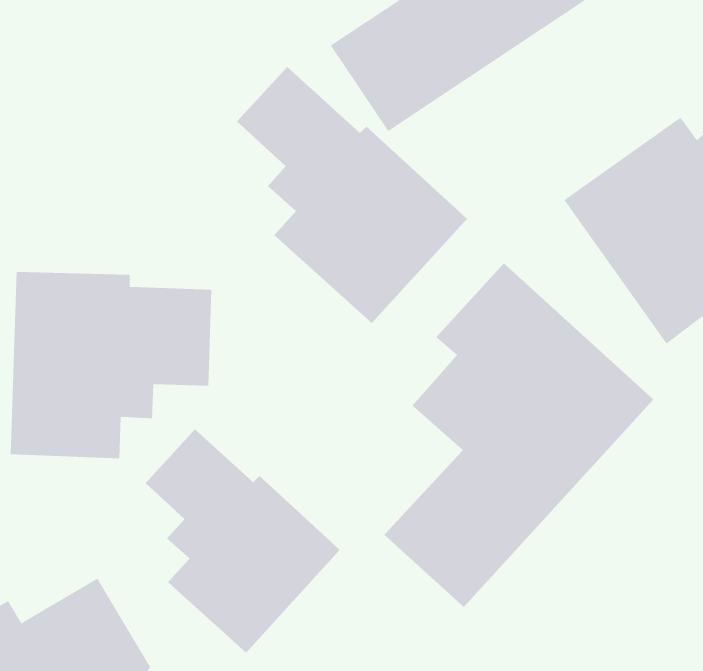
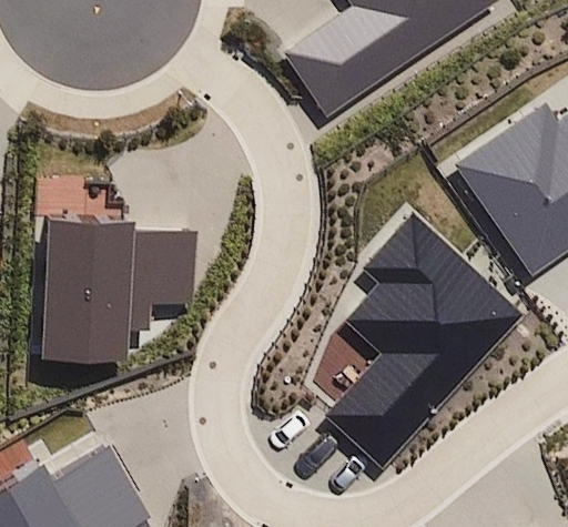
building: [236,66,468,324] -> none
building: [145,429,341,653] -> none

